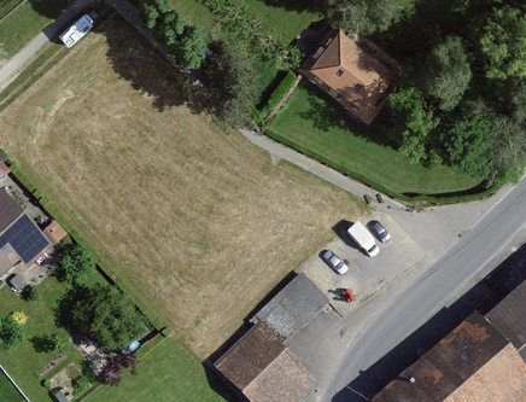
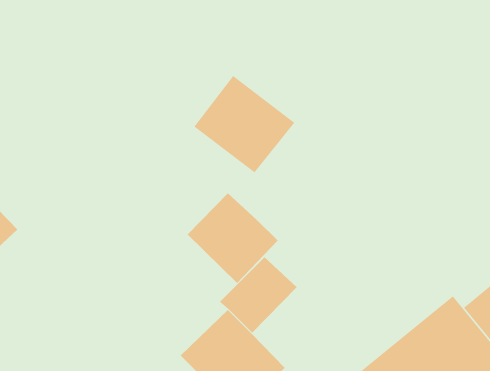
building: [302,21,402,117] -> [194,75,295,173]
building: none -> [187,192,278,284]

